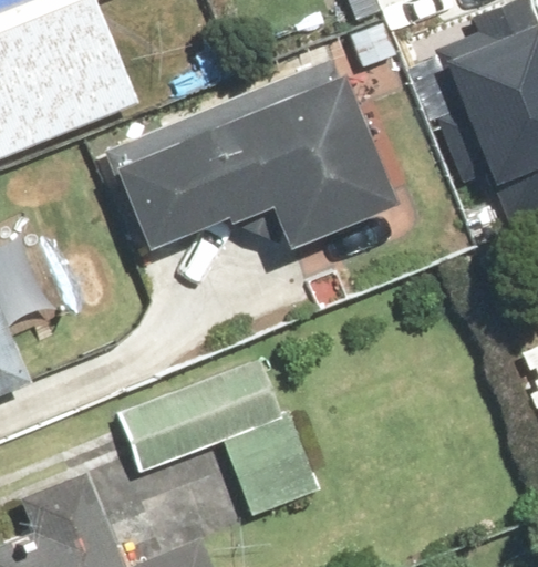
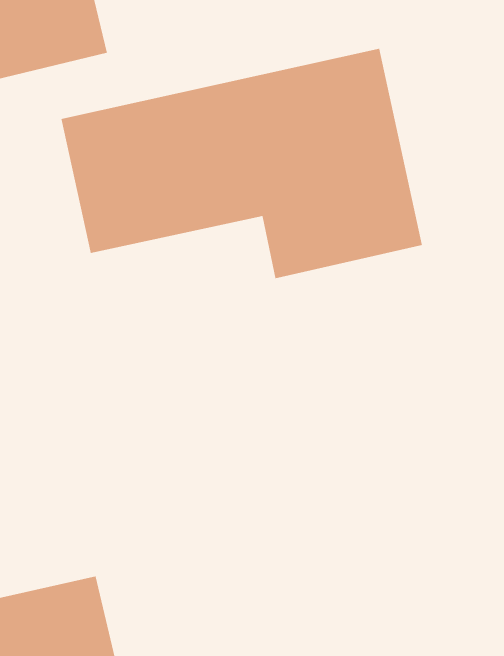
building: [118,361,313,516] -> none

